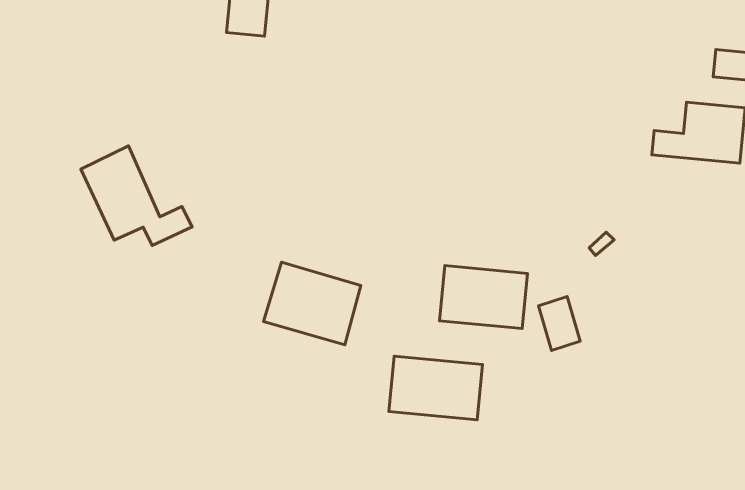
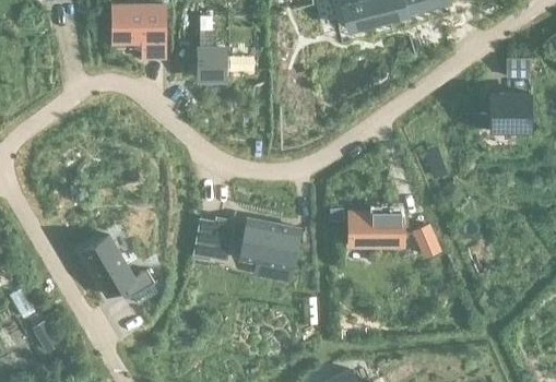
building: [81,146,192,246] -> [81,236,154,297]
building: none -> [193,218,233,256]
building: [389,356,482,420] -> none

